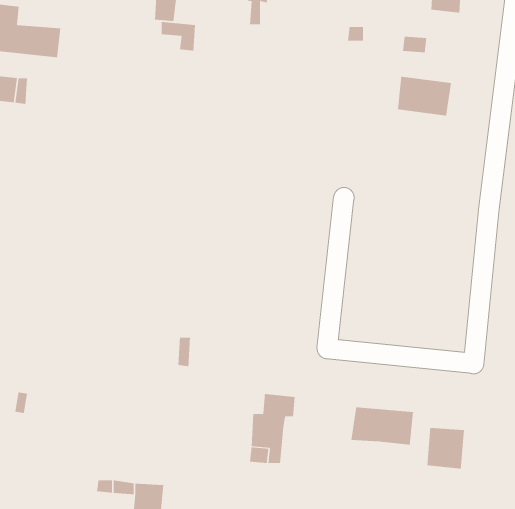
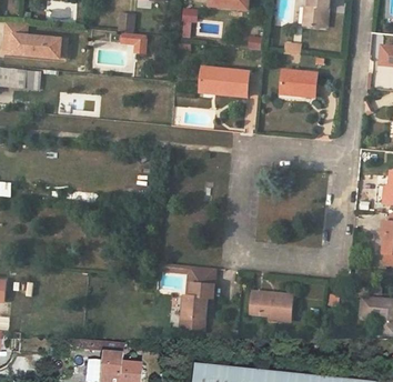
building: none -> [199,67,249,96]
building: none -> [184,265,213,295]
building: [427,427,464,470] -> none

